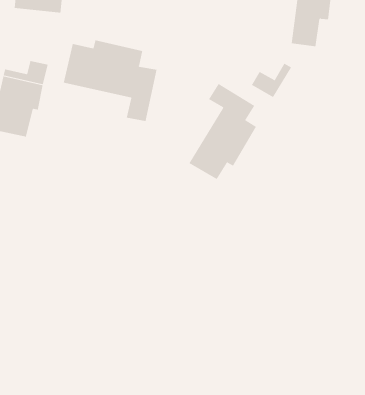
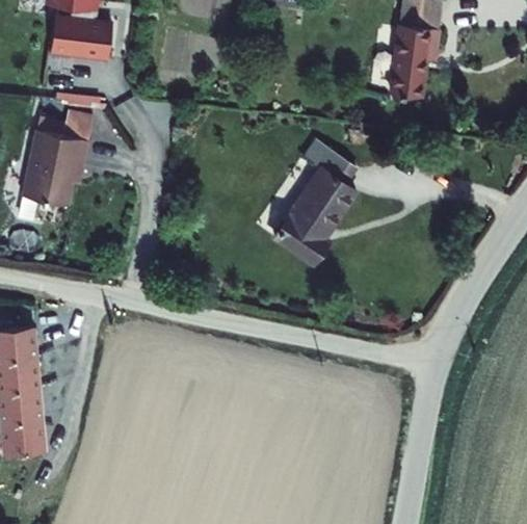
building: [63,40,157,122] -> none
building: [251,63,292,98] -> none

